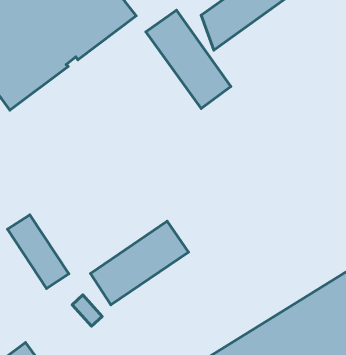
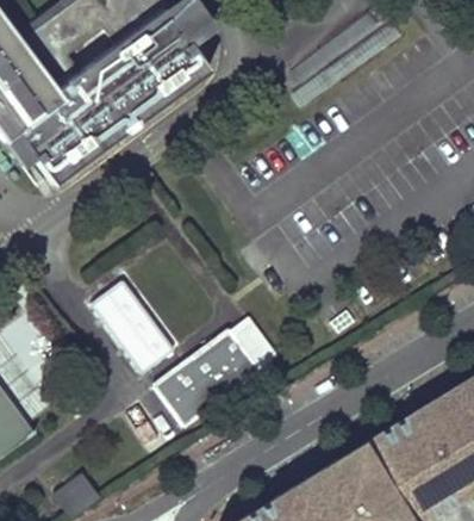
building: [146,10,231,109] -> none
building: [8,215,69,289] -> [95,277,170,367]

